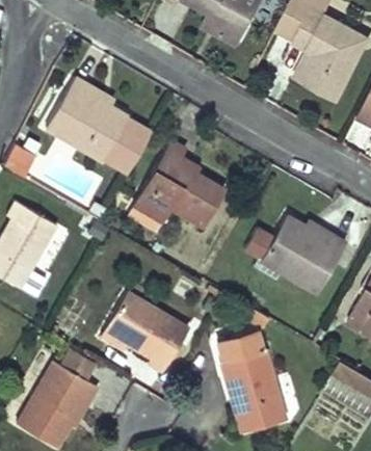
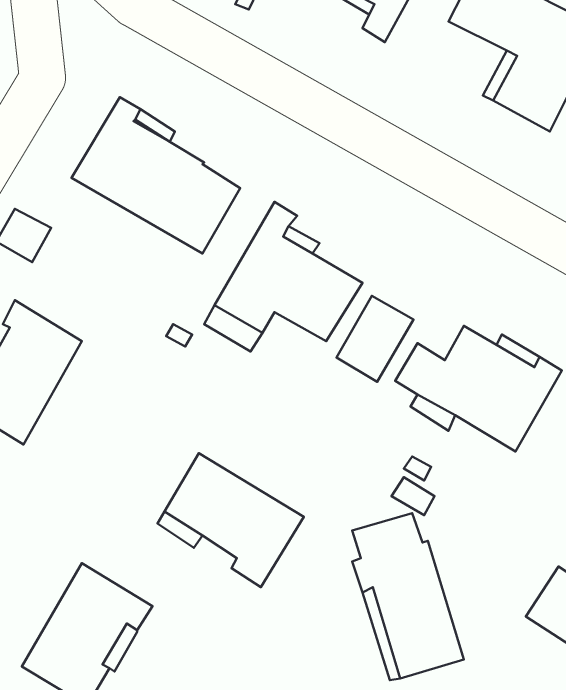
building: none -> [337,296,413,382]

